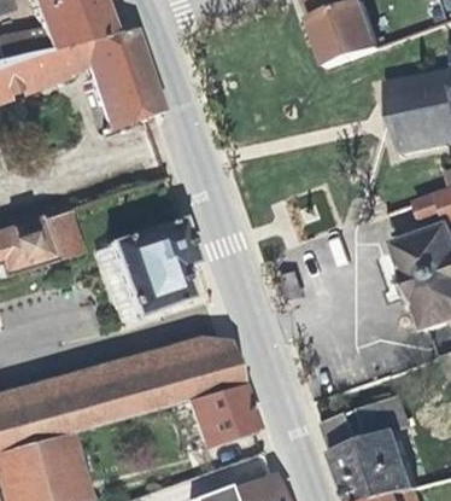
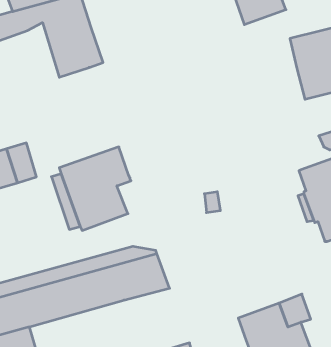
building: [182,388,252,448] -> none

